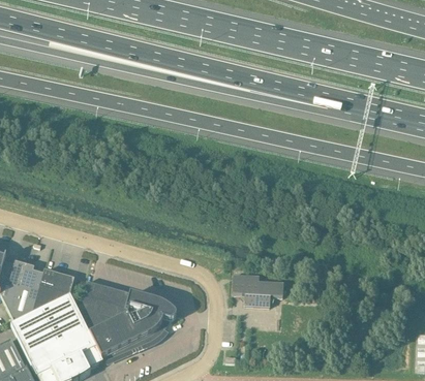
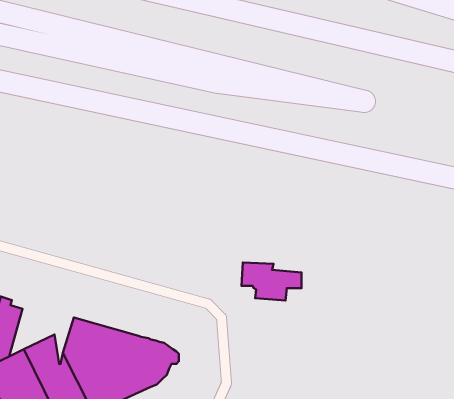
building: [32,268,74,313] -> none
building: [233,274,283,306] -> [242,263,301,300]

